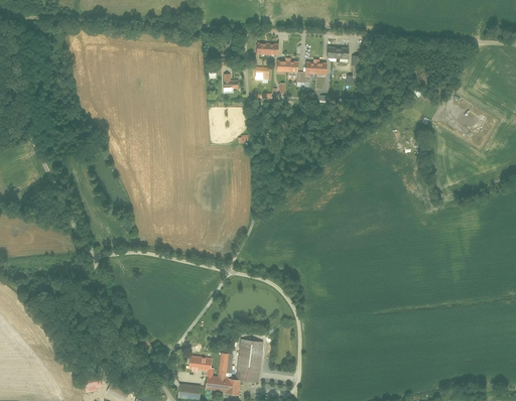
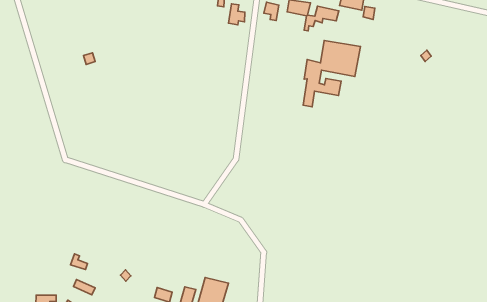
building: none -> [303,41,360,107]

